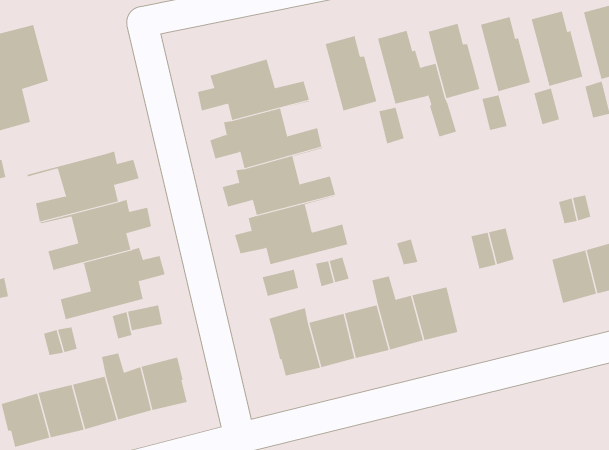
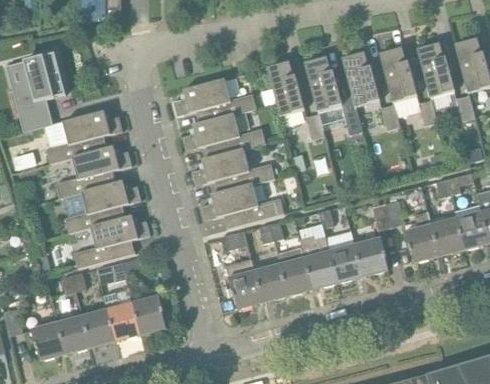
building: none -> [45,110,122,161]
building: none -> [404,211,439,262]
building: none -> [355,236,388,276]

